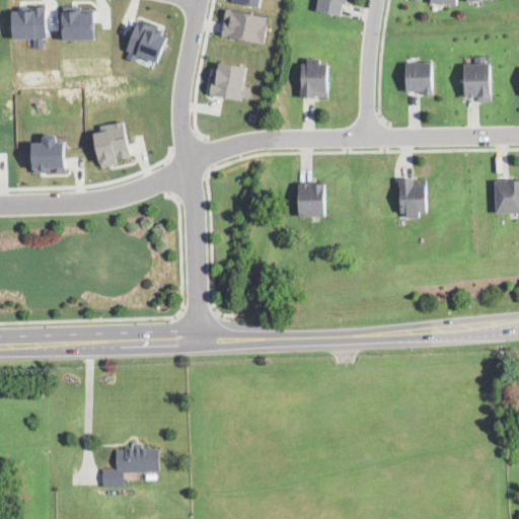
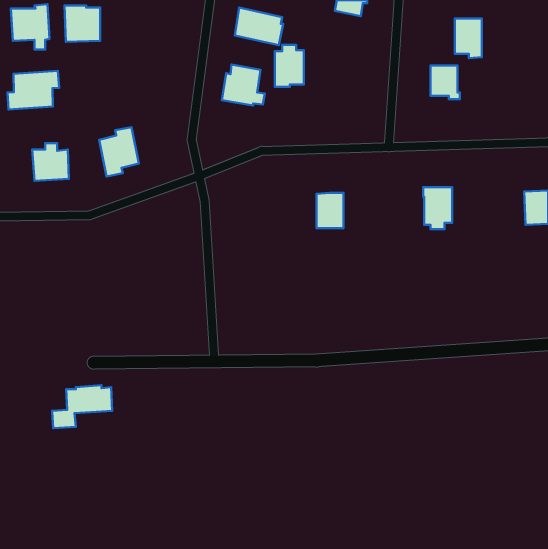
building: [125,19,167,63] -> none
building: [299,59,326,98] -> [275,45,304,87]
building: [464,64,490,101] -> [455,18,482,58]
building: none -> [7,71,59,110]
building: [101,447,158,488] -> [52,385,112,428]

